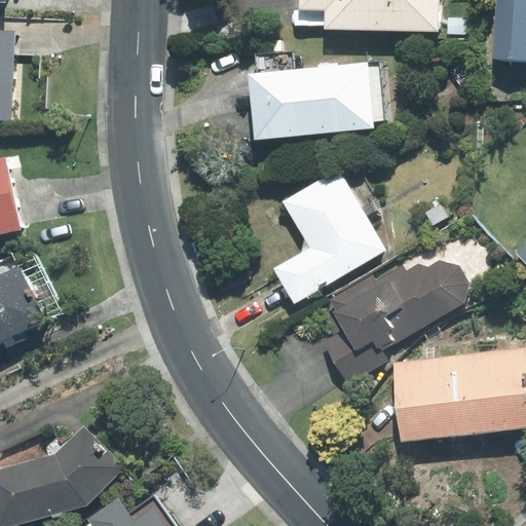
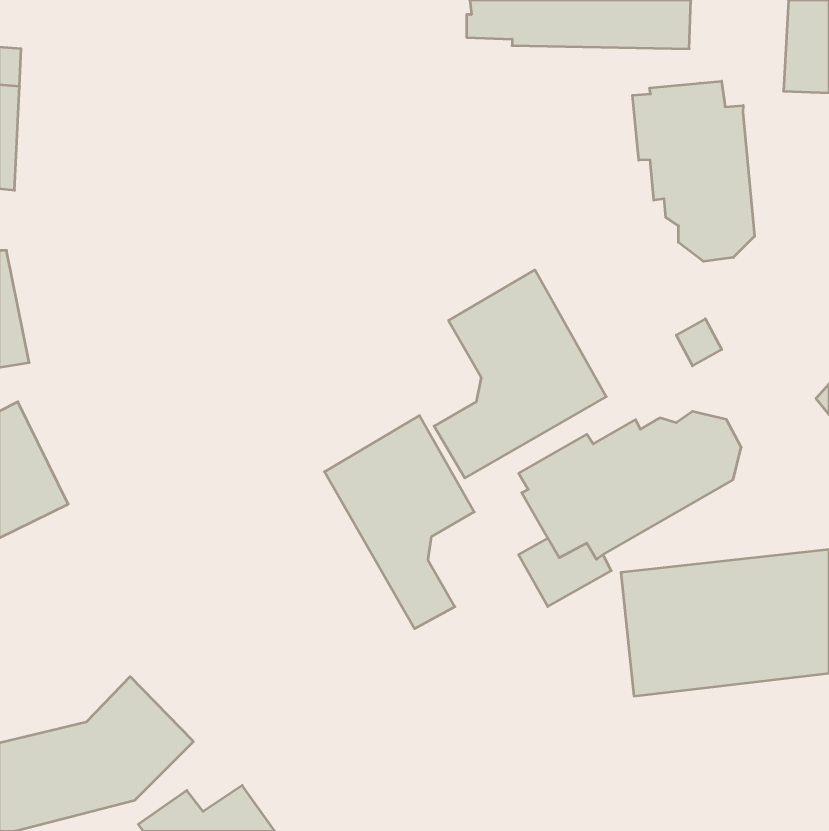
building: none -> [632,81,755,261]
building: [249,51,383,138] -> none
building: none -> [324,416,474,629]

